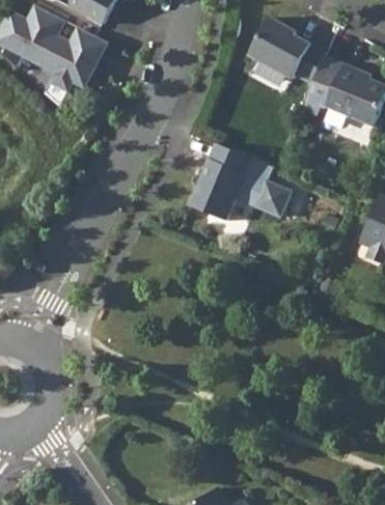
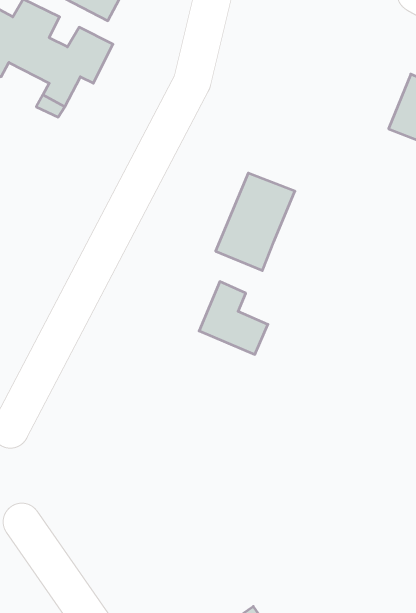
building: [250,18,326,84] -> none
building: [235,158,290,216] -> [199,282,268,354]

